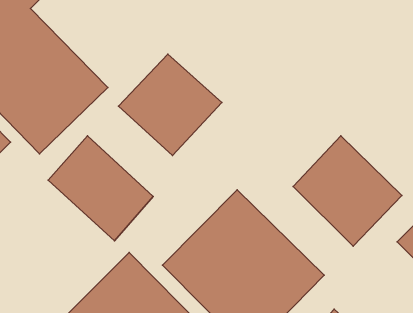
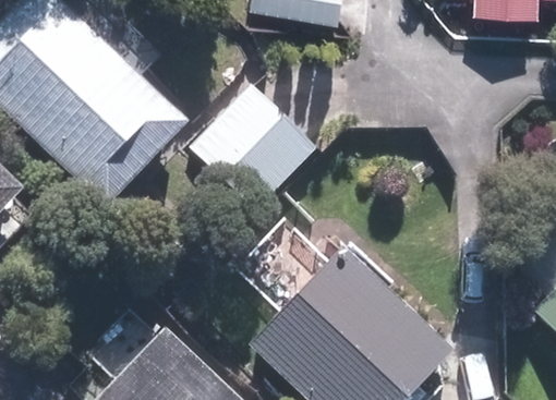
building: [293,136,402,246] -> none
building: [48,136,153,241] -> none

